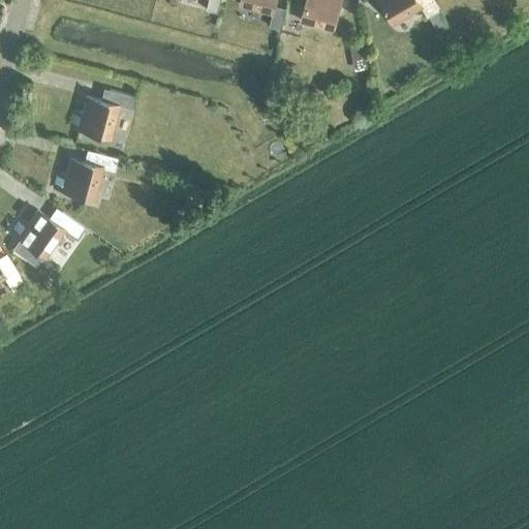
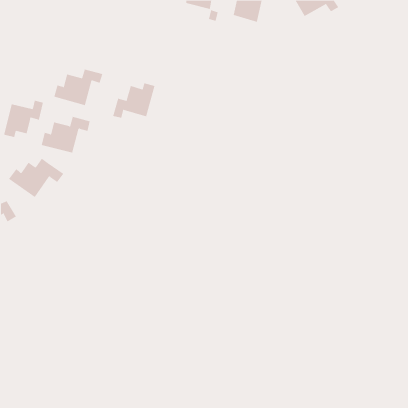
building: none -> [112,82,155,119]
building: none -> [3,100,43,138]

